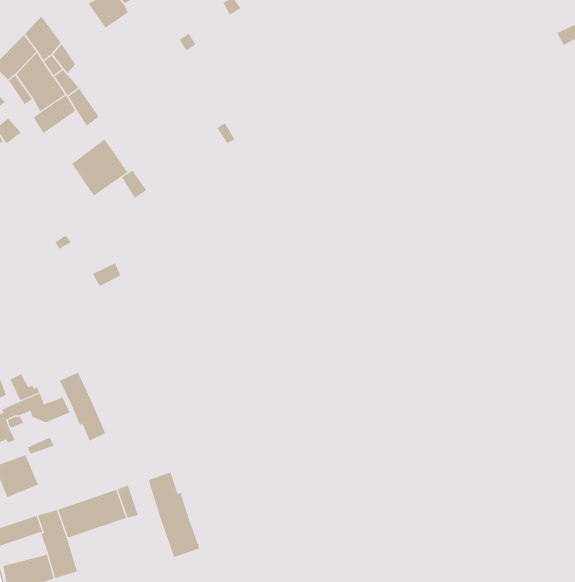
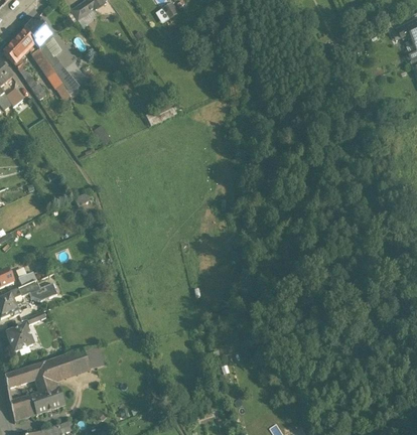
building: [72,139,128,196] -> none
building: [59,372,106,441] -> none
building: [148,472,200,558] -> none

